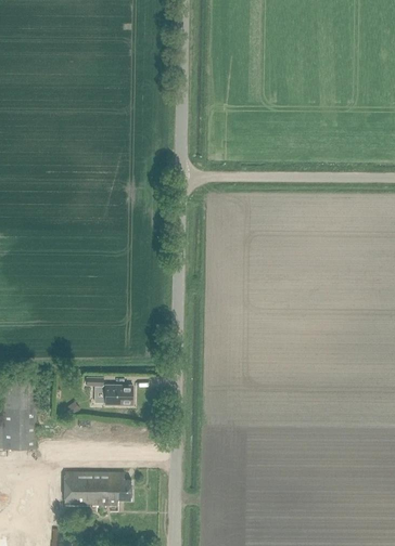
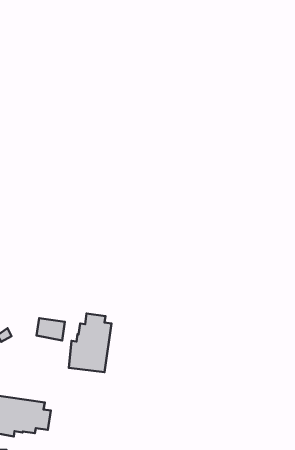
building: none -> [69,314,111,372]

